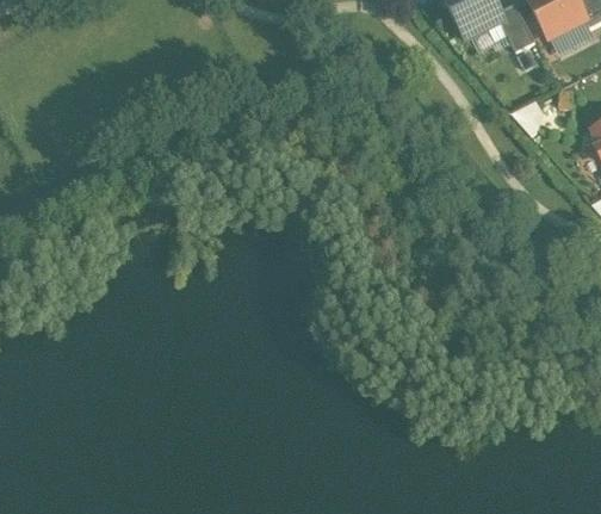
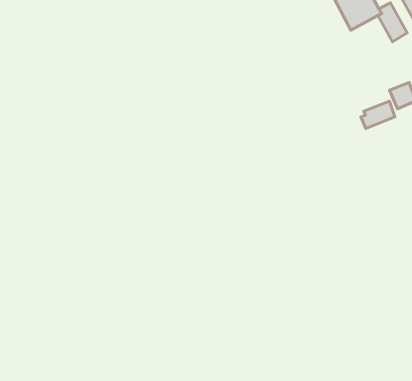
building: none -> [361,101,395,129]

